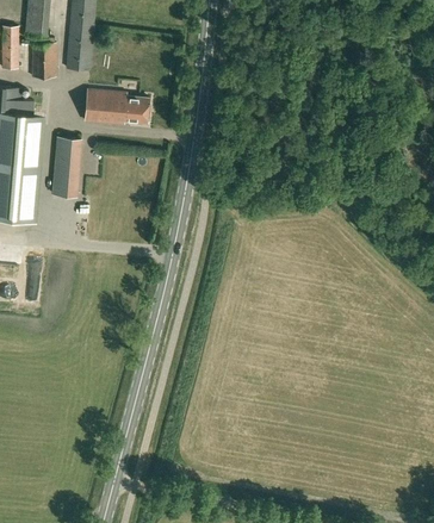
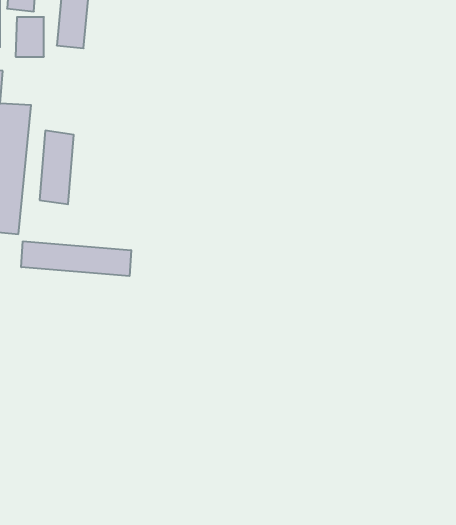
building: [85,88,149,124] -> none
building: none -> [21,241,131,276]

